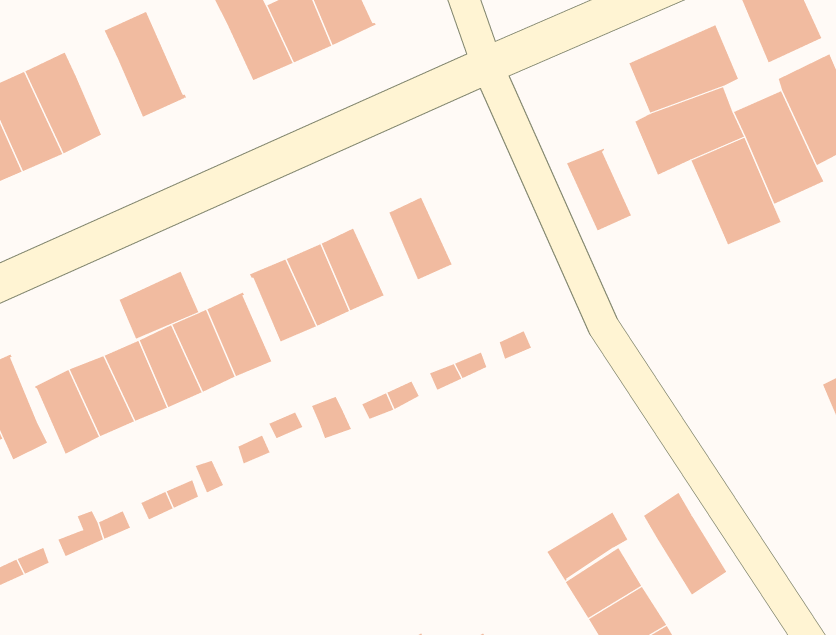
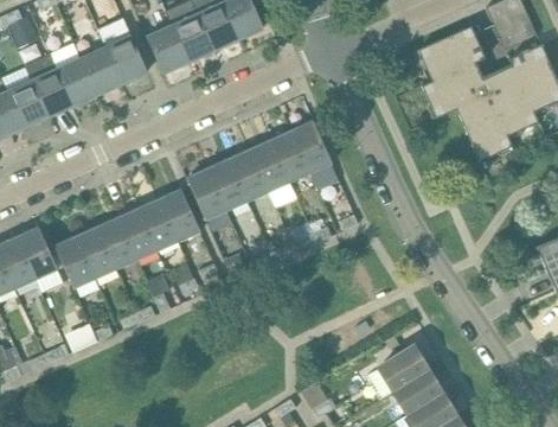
building: none -> [146,24,188,71]
building: none -> [81,46,121,93]
building: [566,148,632,231] -> [291,121,332,172]
building: none -> [250,140,289,191]
building: [119,271,199,340] -> none
building: [643,492,727,596] -> none
building: [547,512,628,582] -> none

